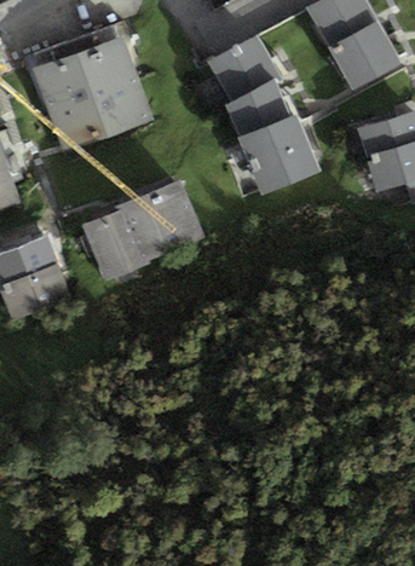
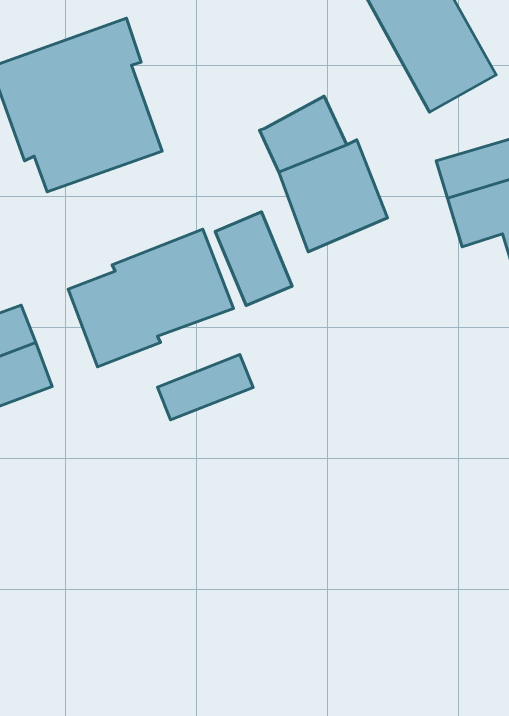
building: [207,36,279,104] -> none
building: none -> [215,212,292,305]
building: none -> [158,355,253,420]

